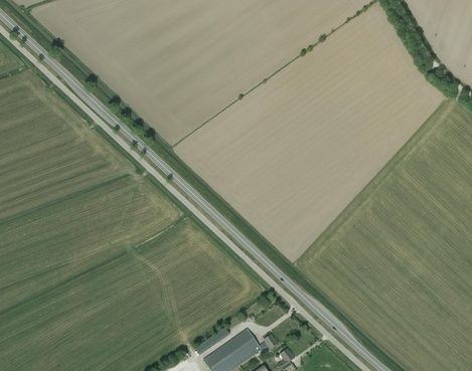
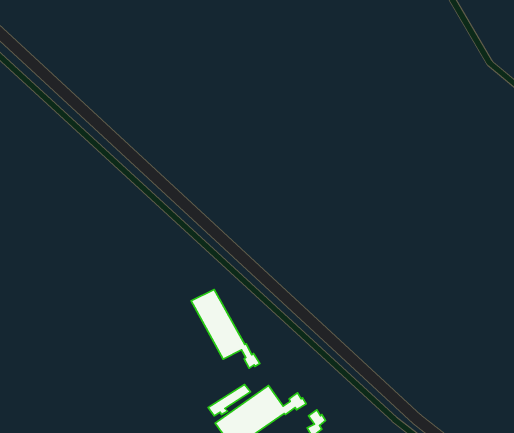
building: none -> [191,289,260,368]

